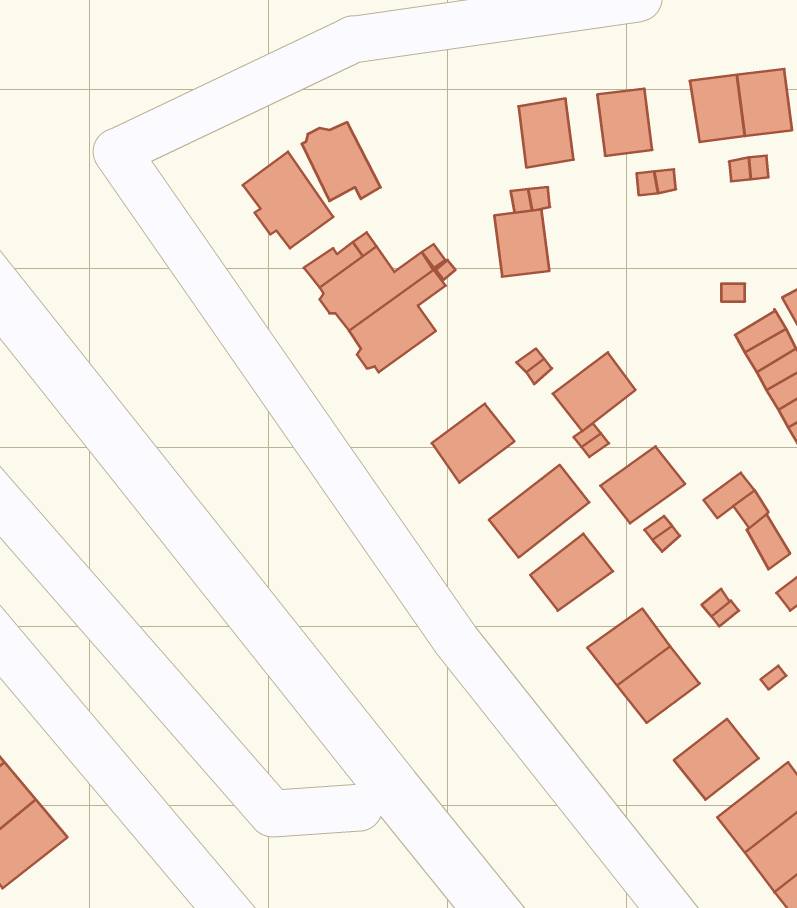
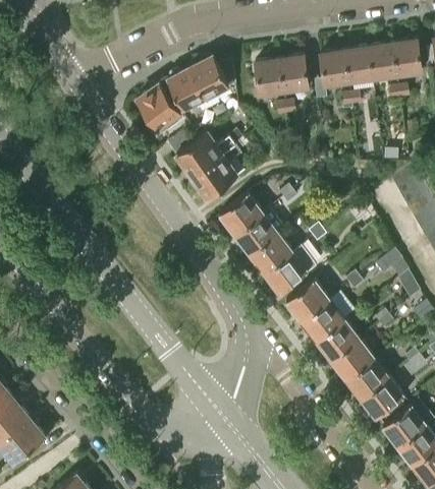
building: none -> [344,47,373,82]
building: none -> [191,55,235,102]
building: [494,210,549,277] -> [255,60,283,95]
building: [553,352,635,431] -> [249,233,291,273]
building: none -> [219,194,262,234]
building: [600,446,685,523] -> [300,300,343,340]
building: none -> [345,358,387,398]

